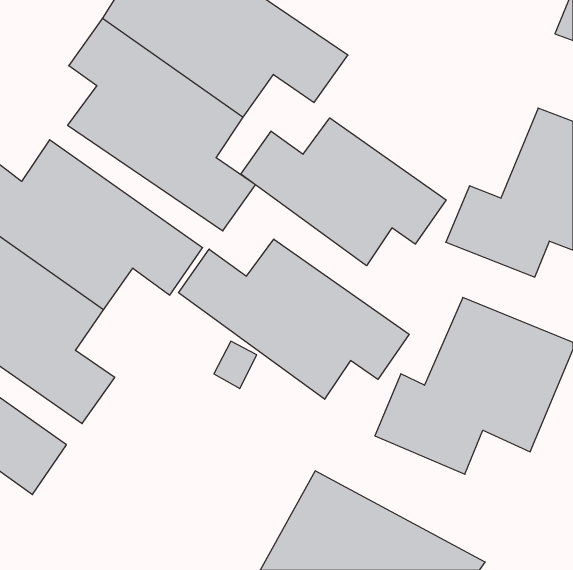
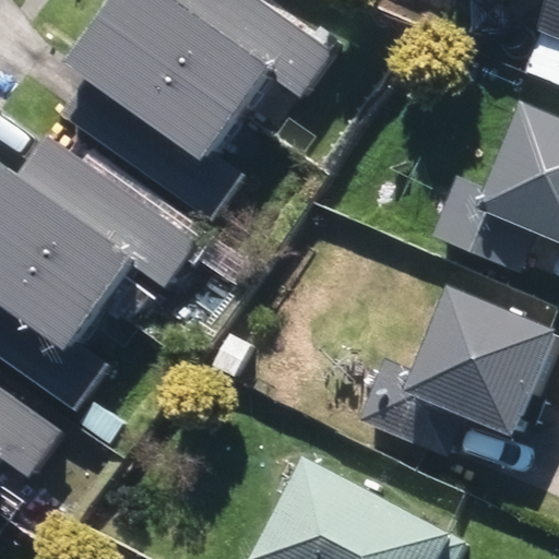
building: [241,118,446,266] -> none
building: [179,239,409,399] -> none

